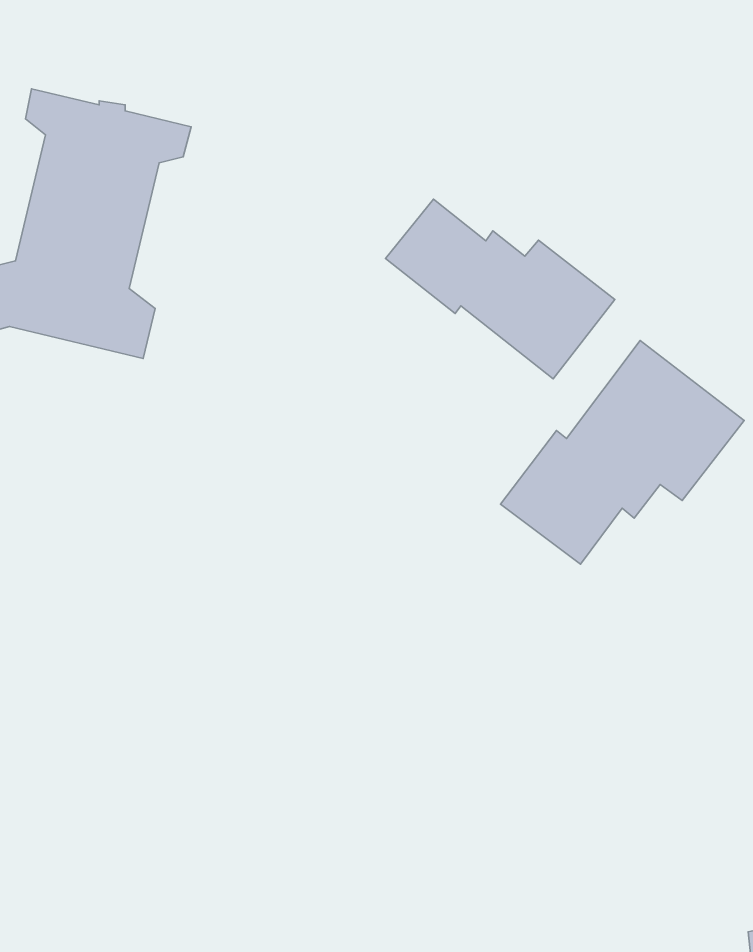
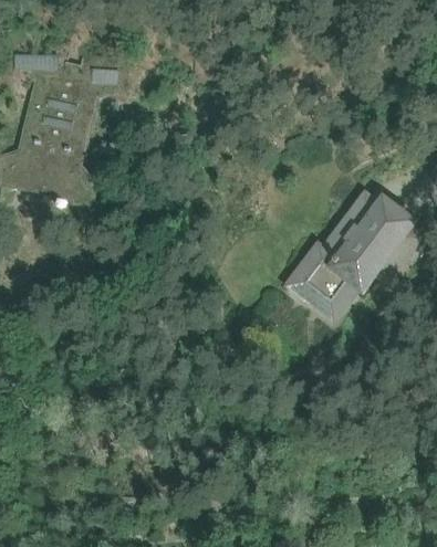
building: [385,199,615,379] -> none

